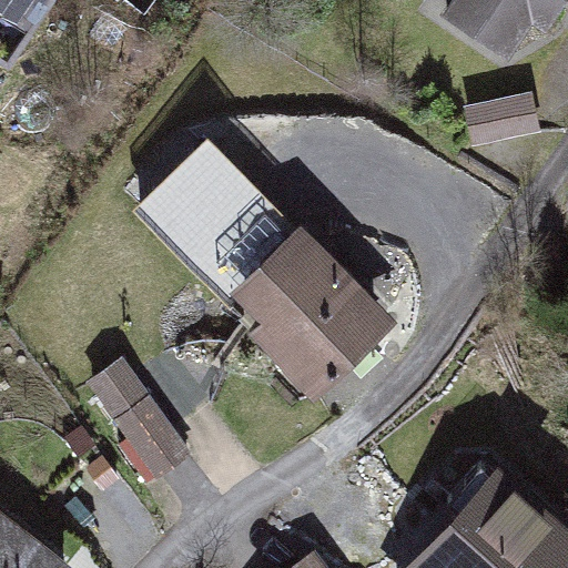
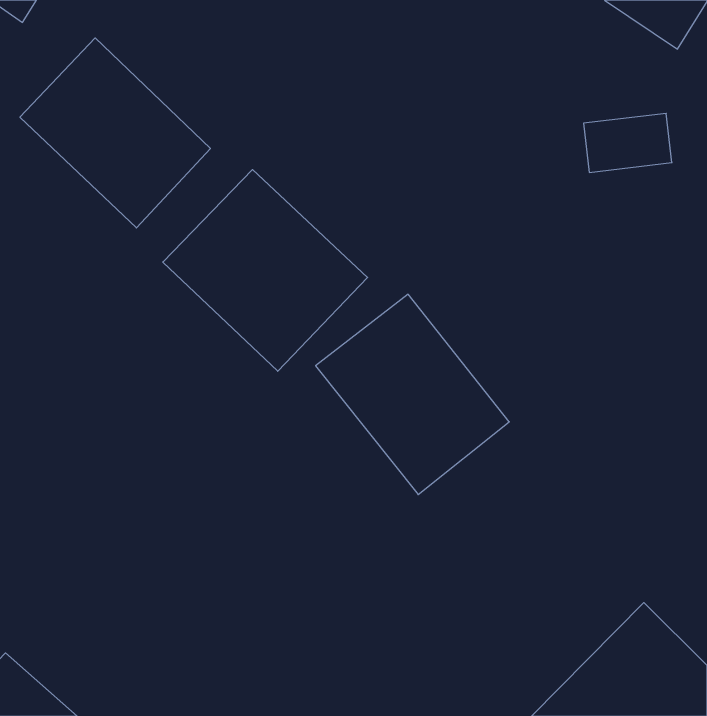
building: none -> [20,38,210,228]
building: [80,352,185,476] -> none

